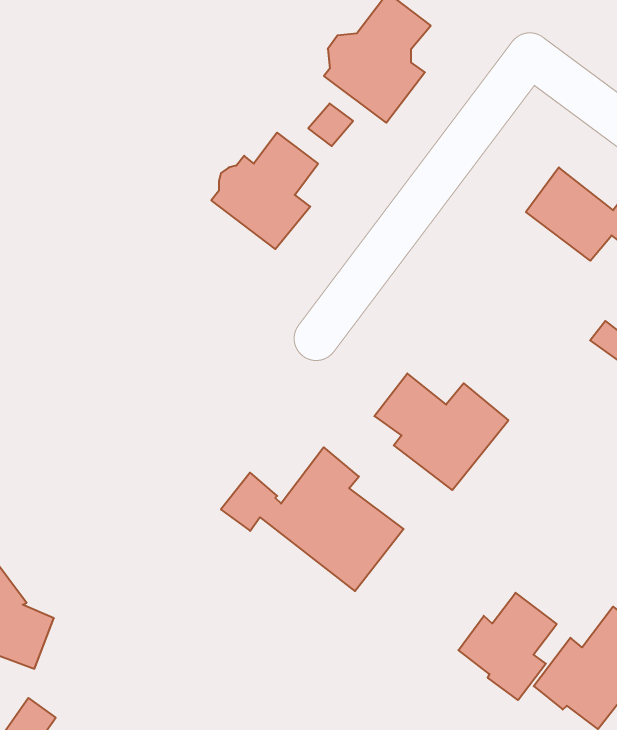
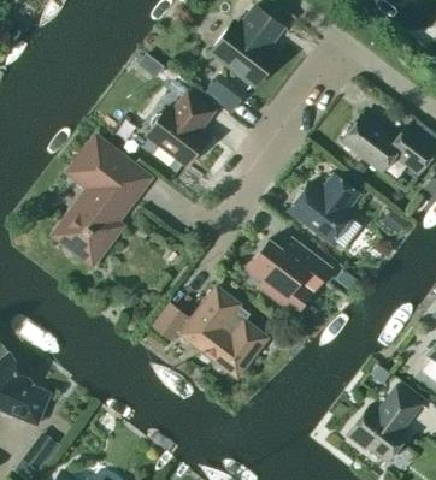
building: none -> [54,137,147,262]
building: none -> [288,174,359,247]
building: [458,593,557,700] -> none

